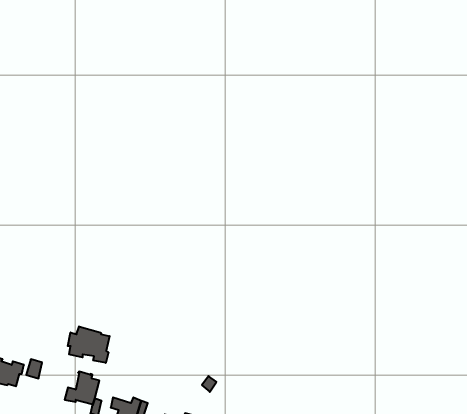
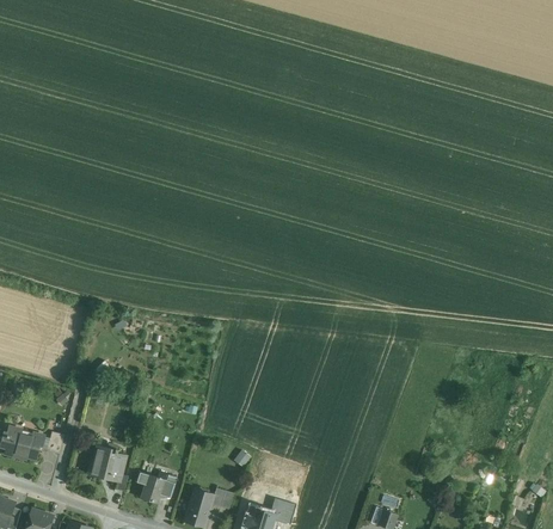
building: [68,326,110,363] -> none

